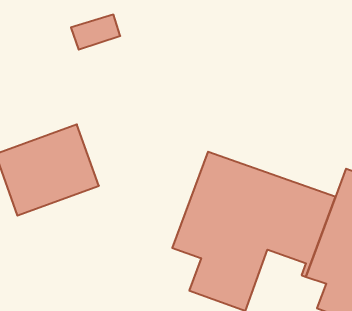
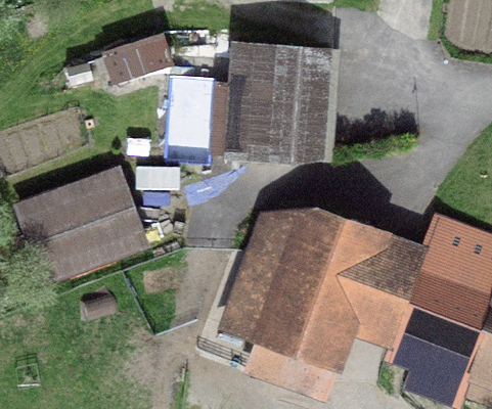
building: none -> [232,44,303,156]
building: none -> [166,75,218,165]

